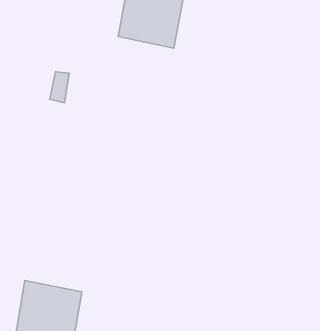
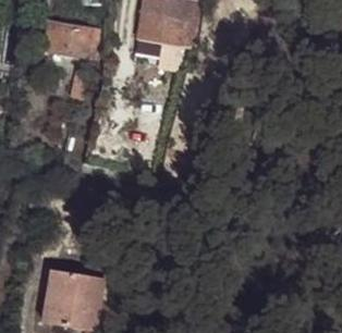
building: none -> [46,21,96,56]

